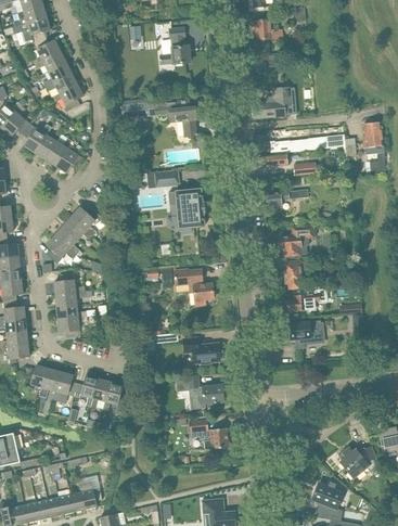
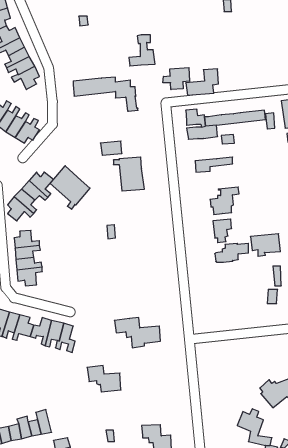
building: [249,20,282,39] -> none
building: [159,28,190,64] -> [129,35,155,66]
building: none -> [163,68,190,90]
building: none -> [50,166,90,209]
building: [174,269,214,305] -> none
building: [288,320,323,346] -> [250,234,280,256]
building: [183,337,220,363] -> none
building: [189,419,228,449] -> [87,366,121,392]

